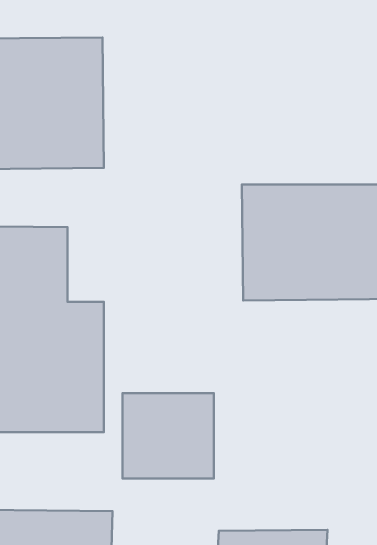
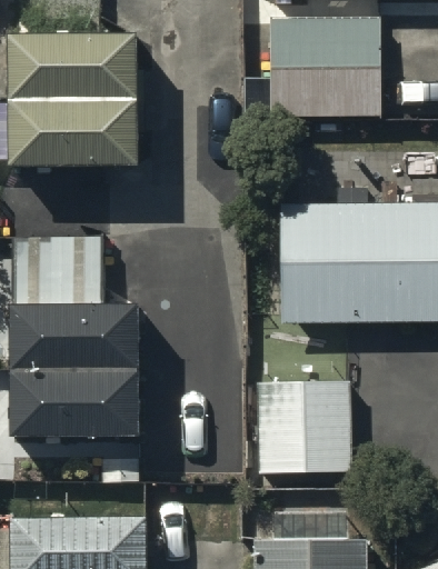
building: none -> [268,14,380,117]
building: [123,393,214,479] -> [257,386,349,472]

